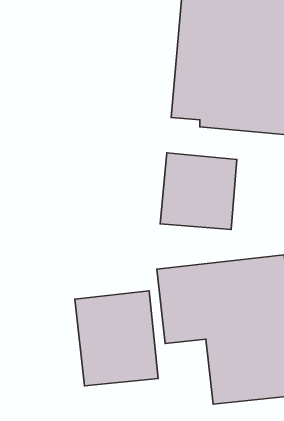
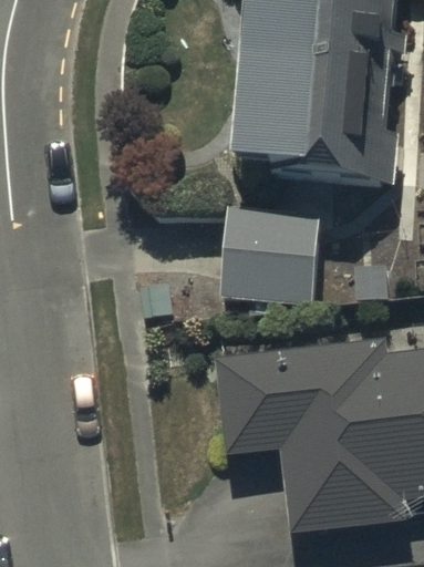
building: [75,291,158,386] -> none

